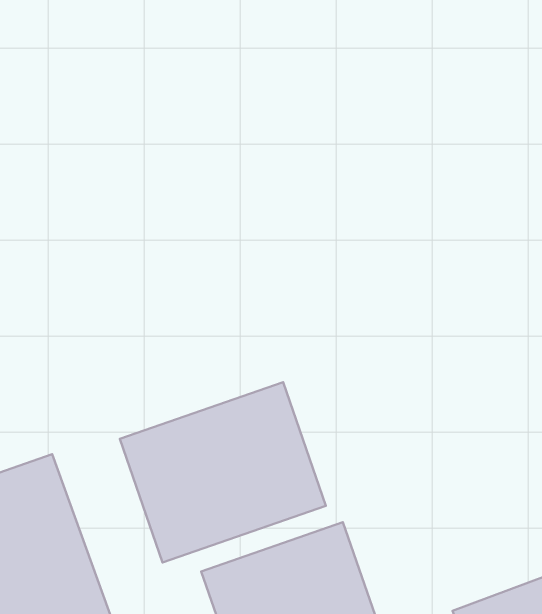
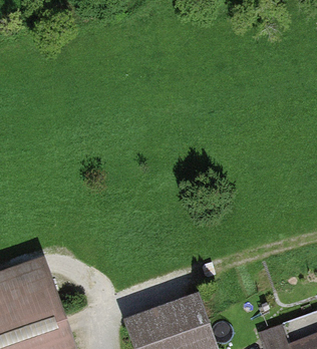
building: [120,382,326,563] -> none

